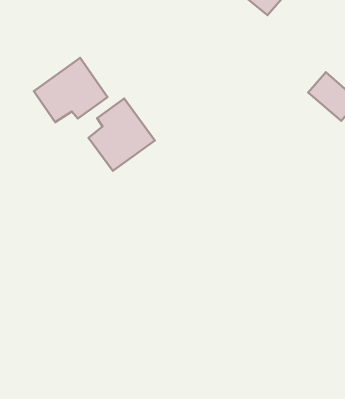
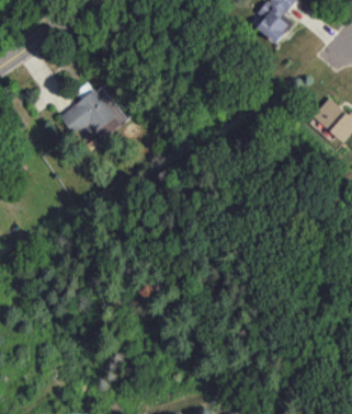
building: [88,99,155,171] -> none

